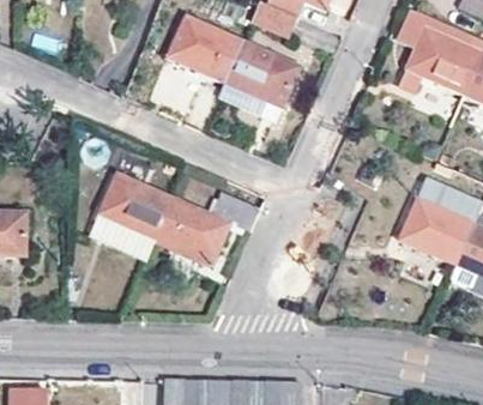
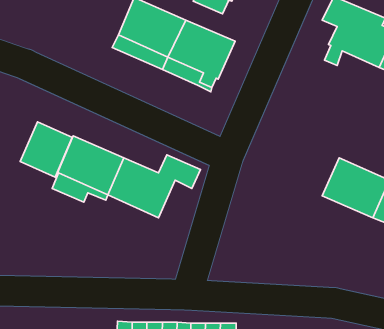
building: none -> [20,122,73,177]

